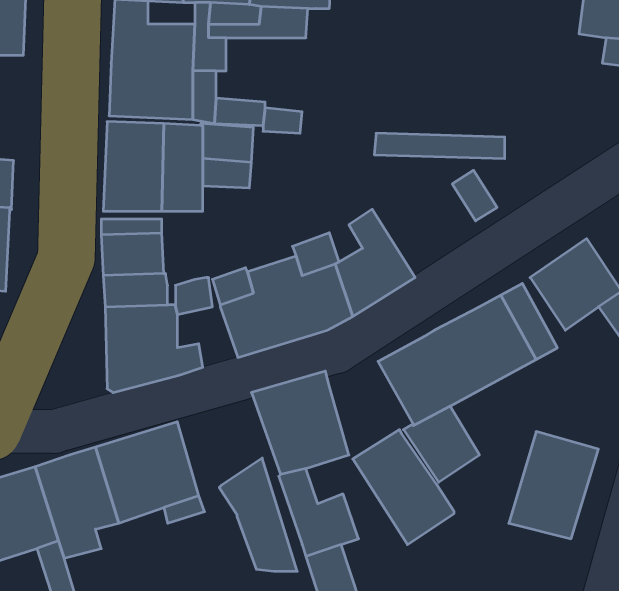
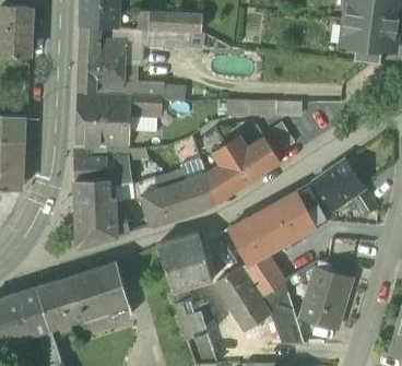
building: none -> [225,134,281,181]
building: none -> [107,156,132,186]
building: [219,458,297,571] -> [261,281,305,344]

